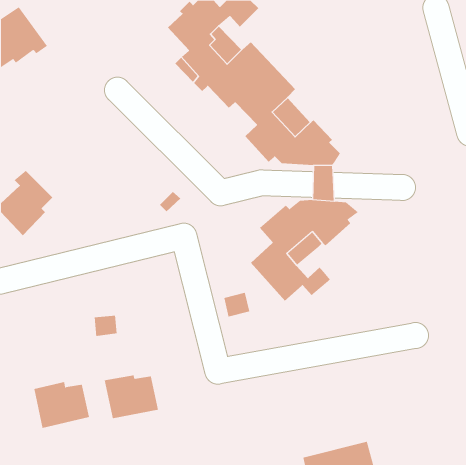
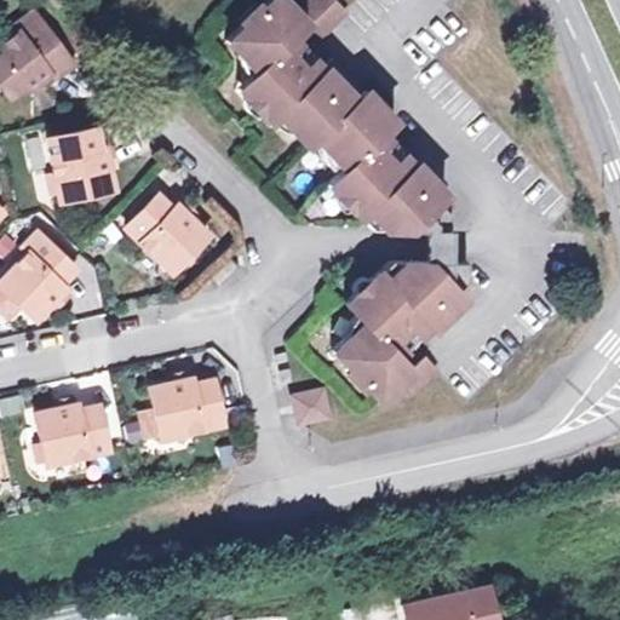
building: none -> [47,127,114,199]
building: none -> [127,193,208,269]
building: [104,375,159,419] -> [153,377,225,435]
building: [34,381,90,428] -> [36,400,110,461]

